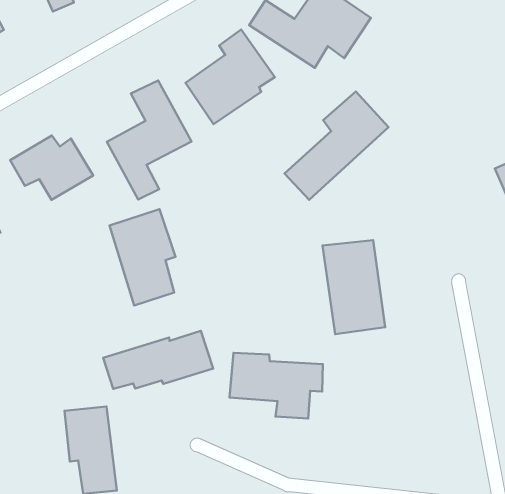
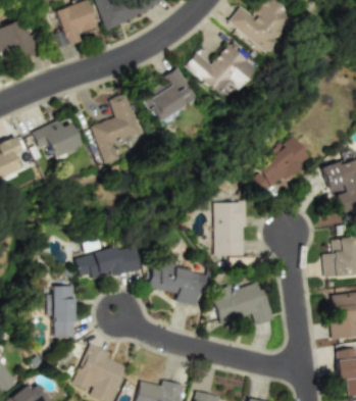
building: [285,91,388,200] -> [246,135,311,197]
building: [110,209,175,306] -> none
building: none -> [211,282,272,324]

